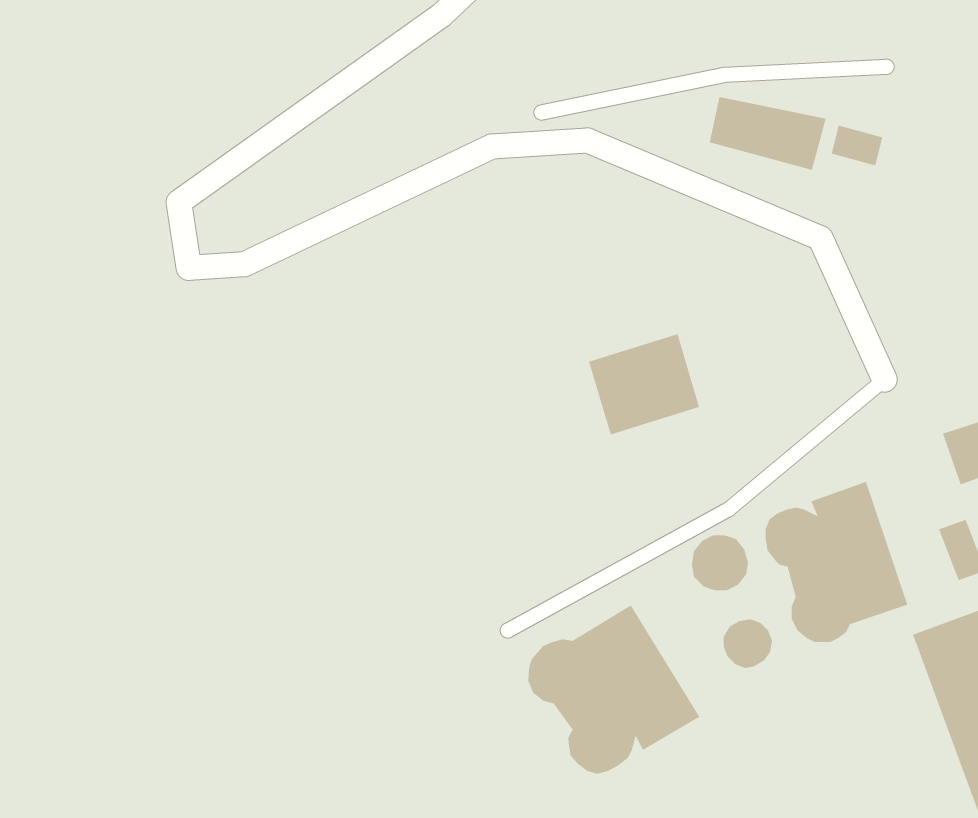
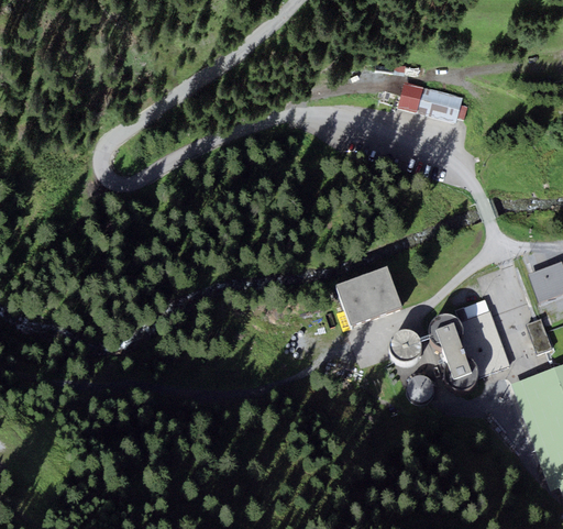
building: [831,125,883,166] -> none
building: [588,333,700,435] -> [340,266,401,322]
building: [528,605,700,775] -> none

